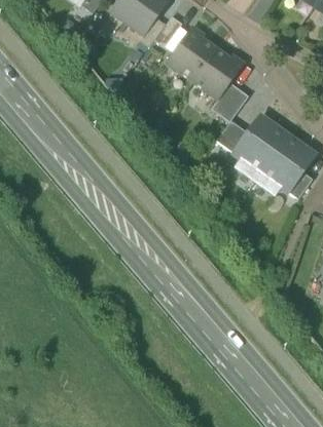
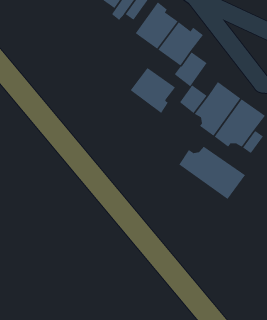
building: none -> [130,67,176,114]
building: none -> [179,146,246,200]

